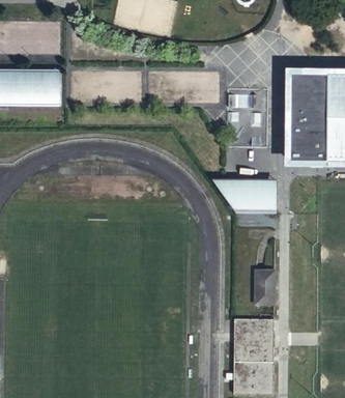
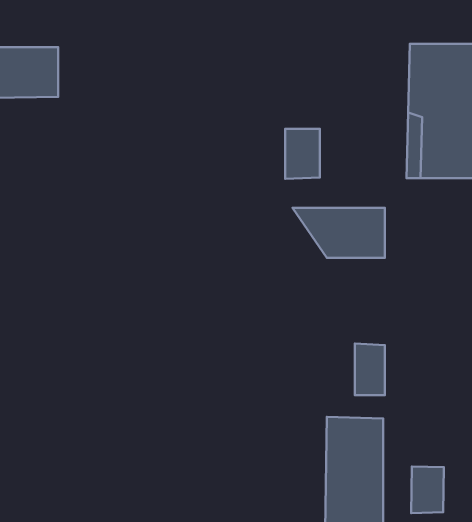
building: none -> [285,129,320,179]
building: none -> [411,467,444,513]

